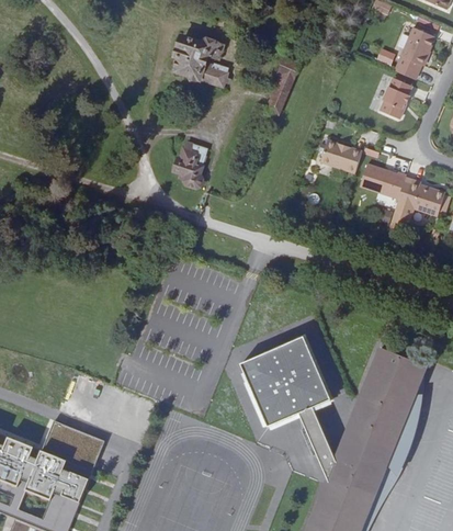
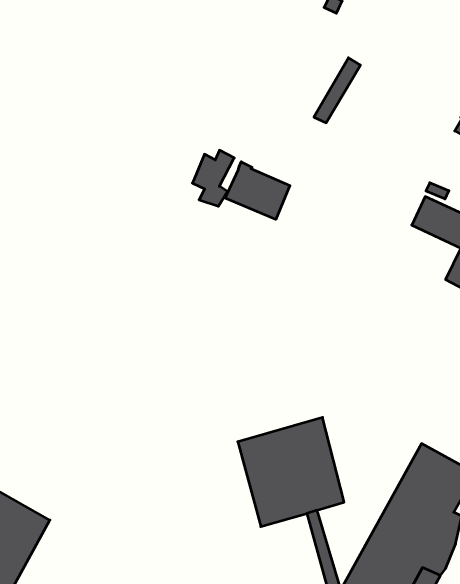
building: [180,37,233,87] -> none
building: [316,136,359,170] -> none
building: none -> [225,162,290,219]

